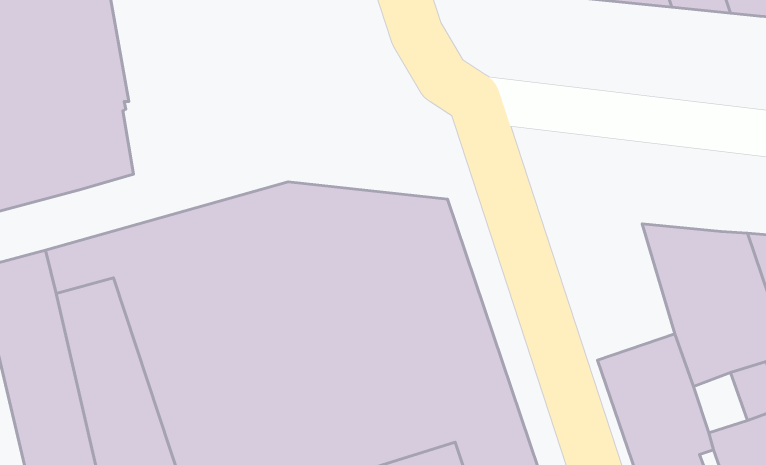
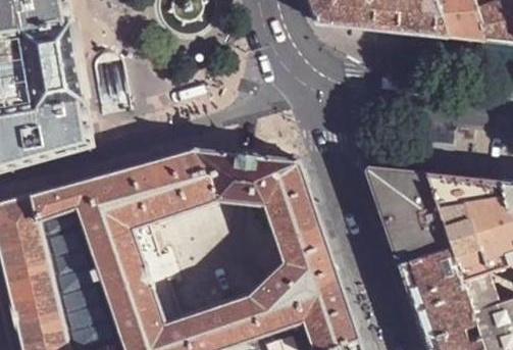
building: none -> [364,170,448,266]
building: none -> [460,274,496,314]

